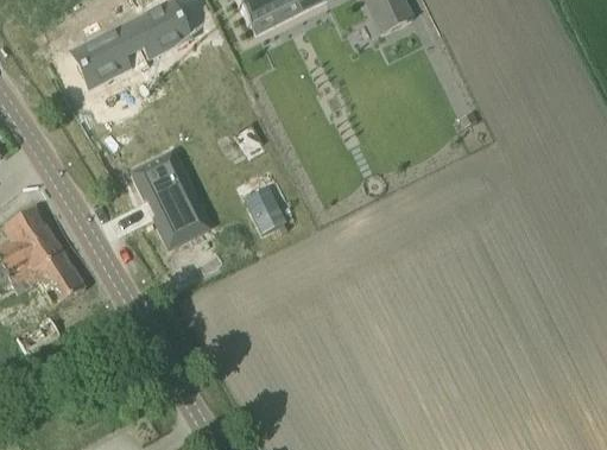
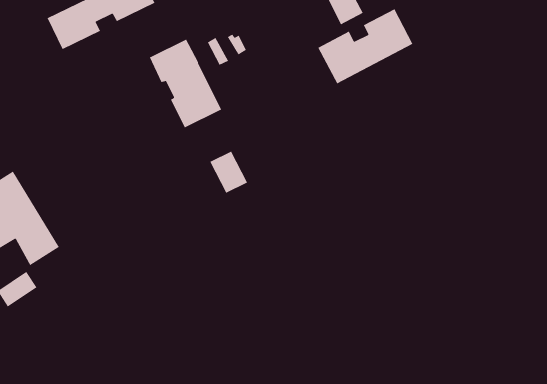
building: none -> [317,8,414,84]
building: [132,153,210,249] -> [149,38,222,129]

